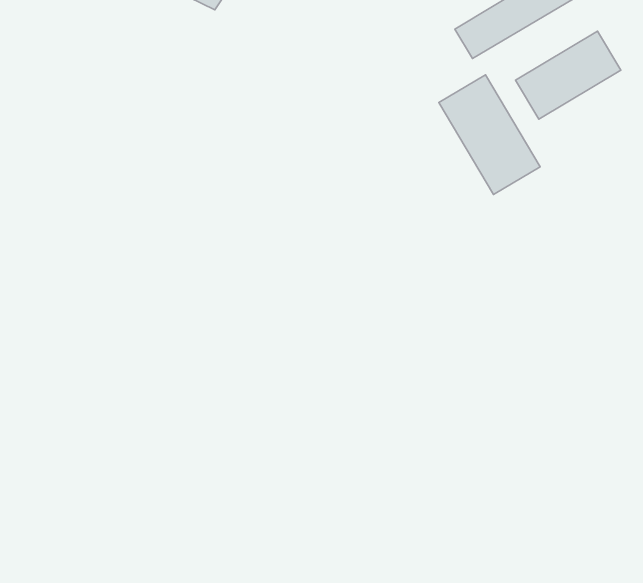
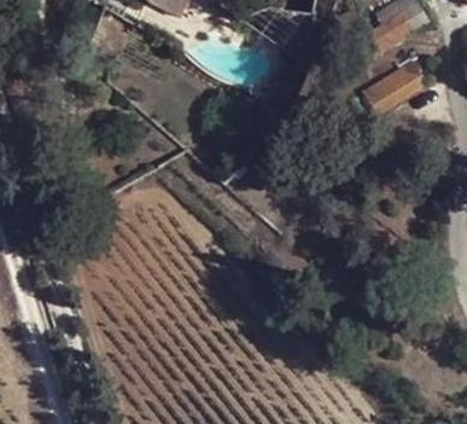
building: [439,75,540,194] -> none

